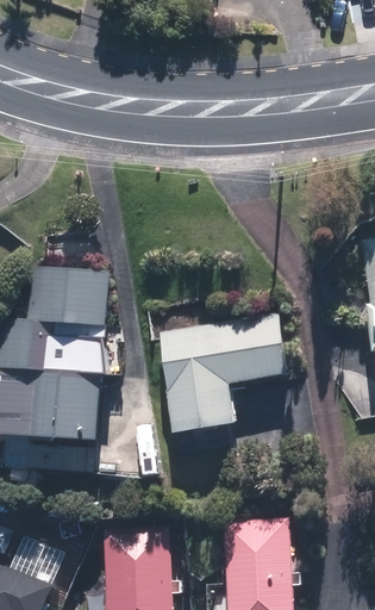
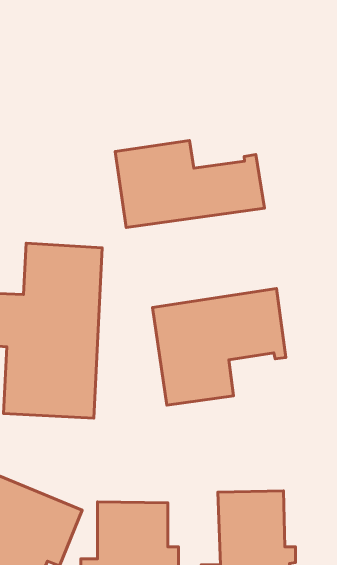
building: none -> [115,141,264,227]

